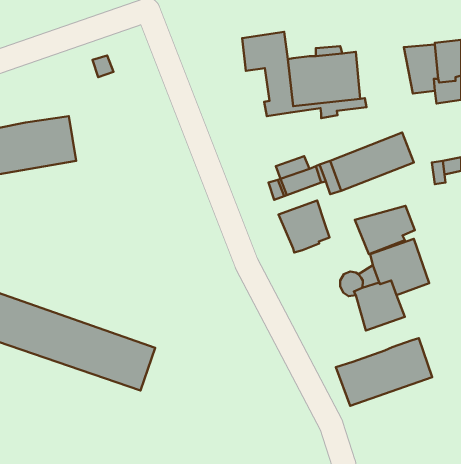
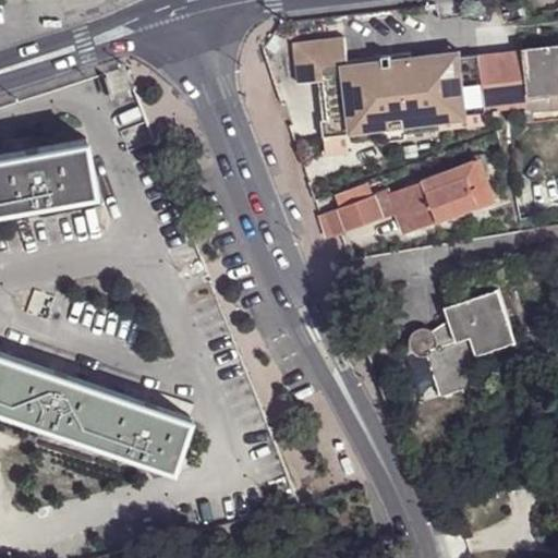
building: none -> [427,57,496,119]
building: [279,201,330,252] -> none
building: [355,206,415,254] -> none
building: [336,338,432,406] -> none

